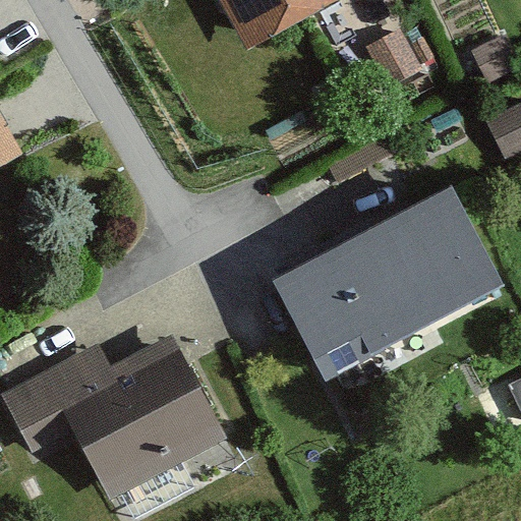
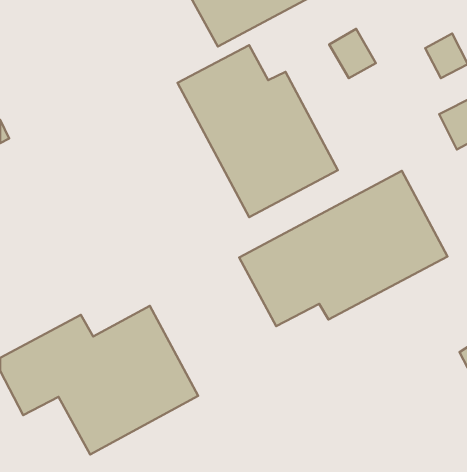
building: none -> [177,45,338,217]

